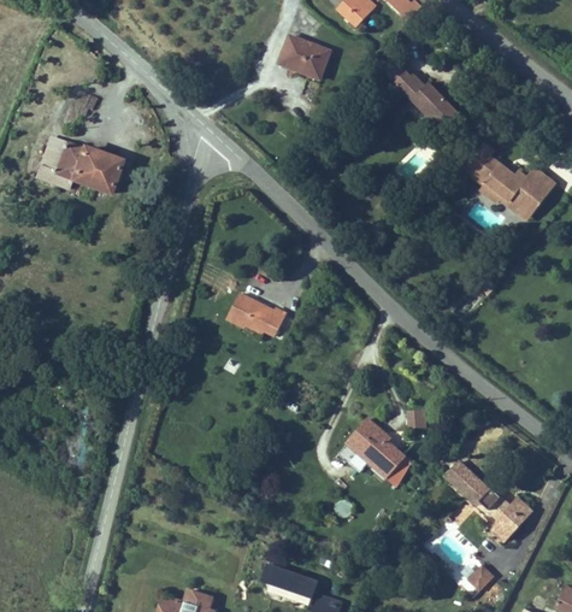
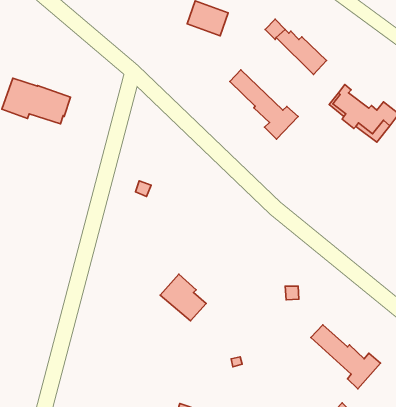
building: none -> [230,70,298,139]
building: [228,293,288,337] -> none
building: [346,417,406,478] -> [160,274,206,321]

